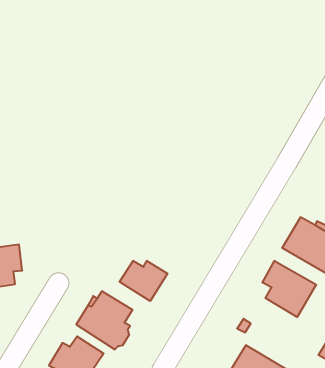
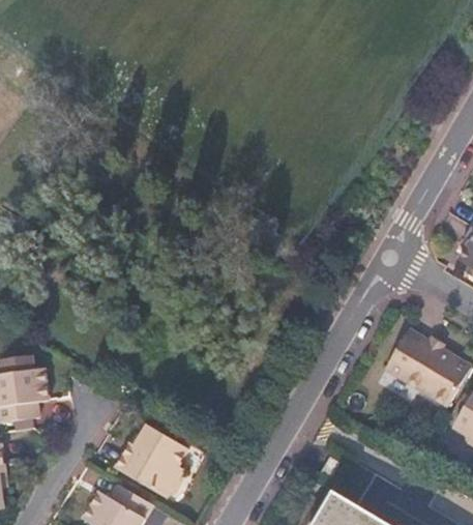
building: [120,261,167,301] -> none
building: [262,261,316,317] -> none

